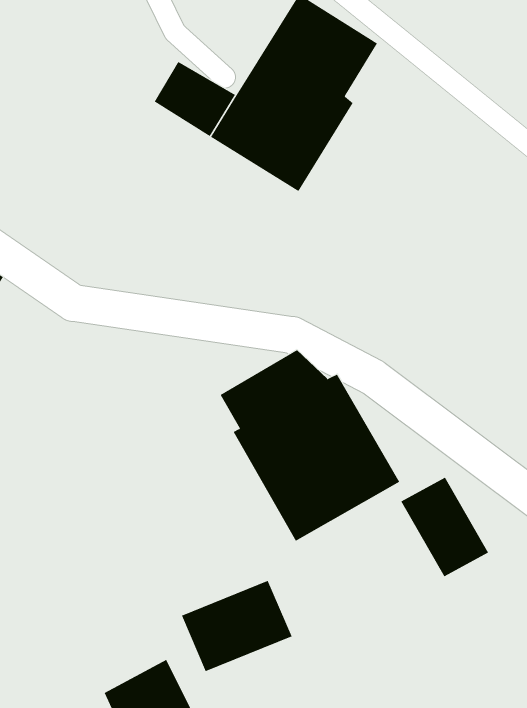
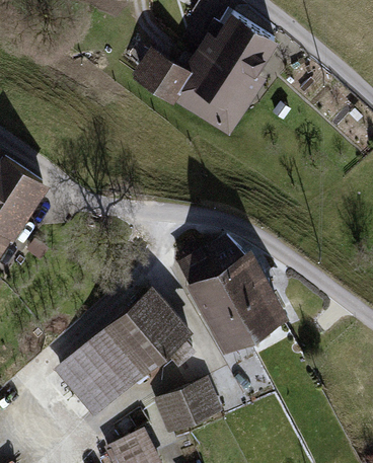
building: none -> [54,286,195,418]
building: [401,477,489,577] -> none

